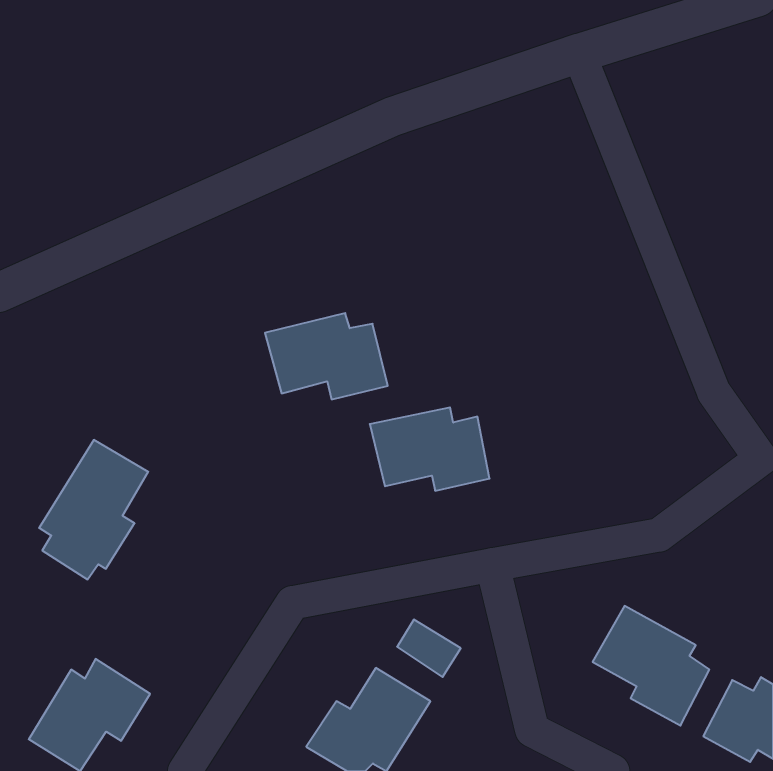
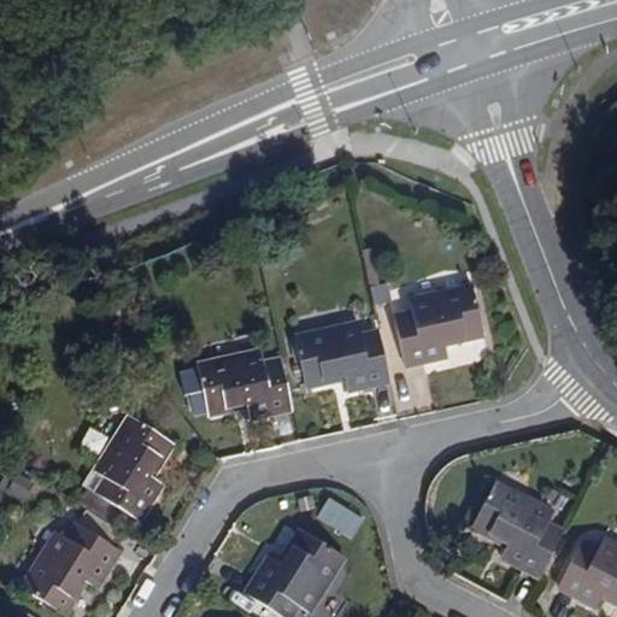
building: [265,313,388,399] -> [195,351,293,419]
building: none -> [394,286,483,365]
building: [39,440,148,579] -> [86,418,172,529]

